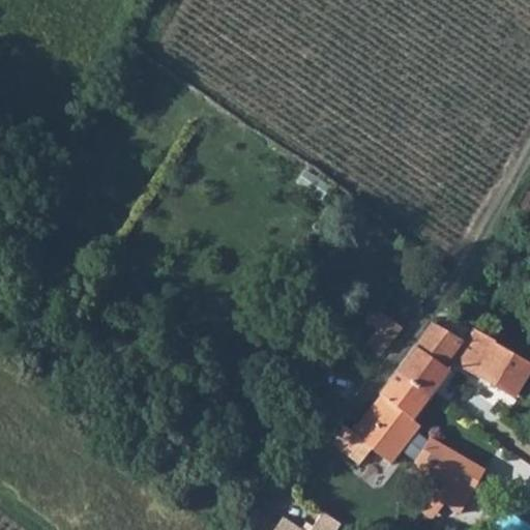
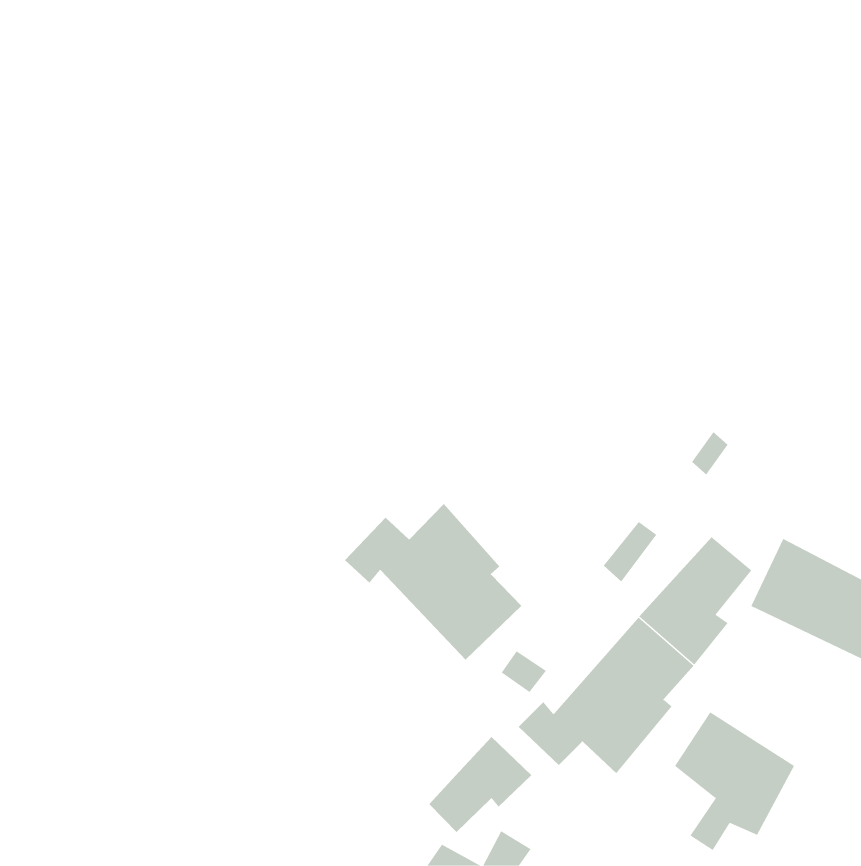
building: none -> [344,503,522,661]
building: none -> [428,736,532,833]

